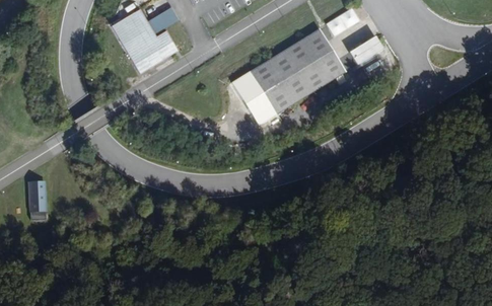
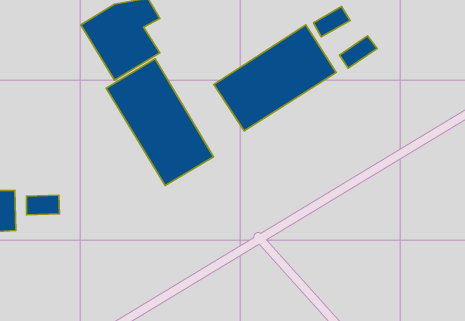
building: none -> [106,59,213,185]
building: none -> [27,195,60,215]

